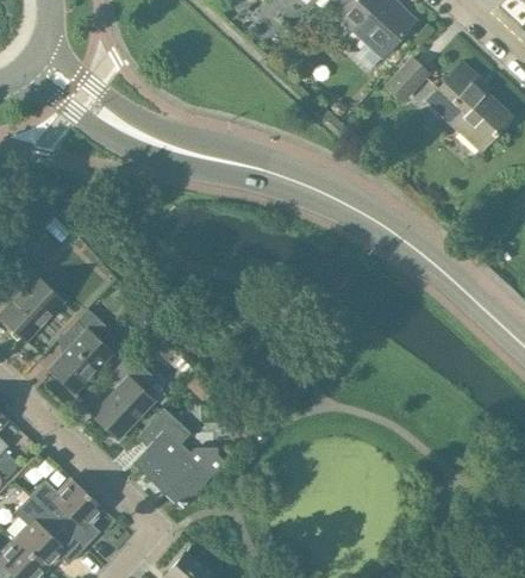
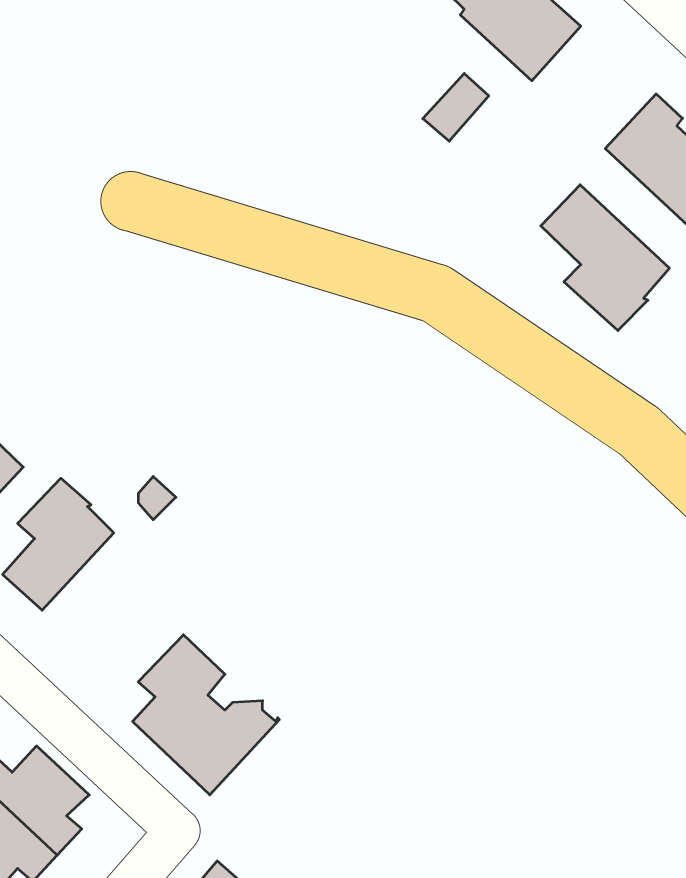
building: [387,58,429,101] -> [423,73,489,141]
building: none -> [541,185,669,331]
building: [92,354,155,440] -> none

